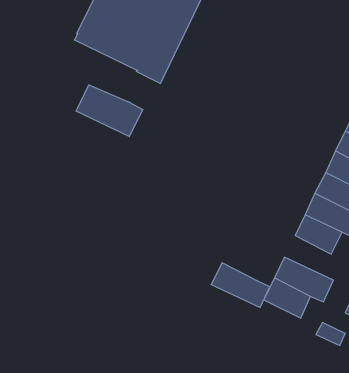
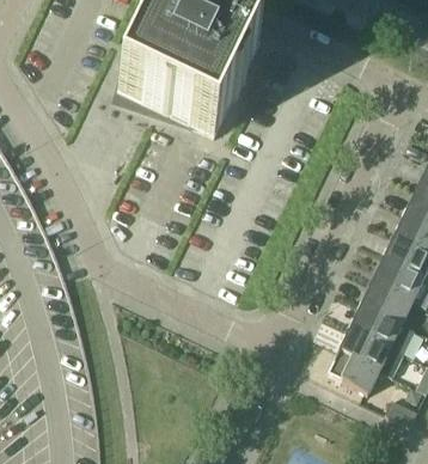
building: [76,85,143,137] -> none
building: [211,263,270,307] -> [349,303,414,352]

